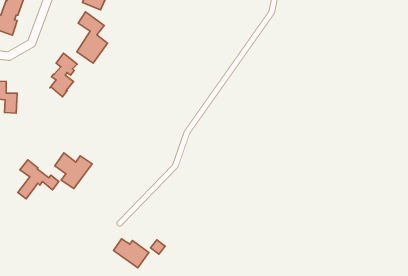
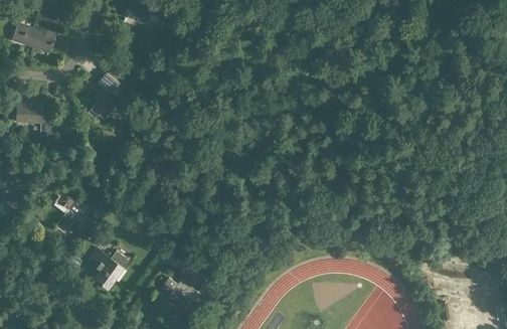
building: [77,12,107,63] -> none
building: [55,153,92,188] -> [87,249,128,288]

